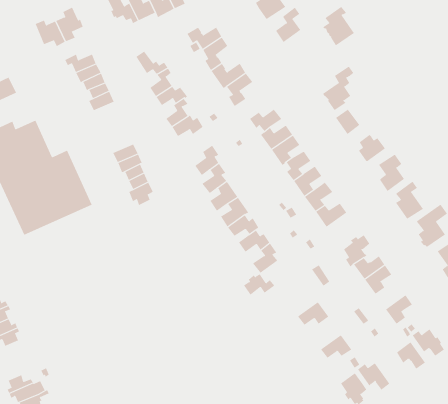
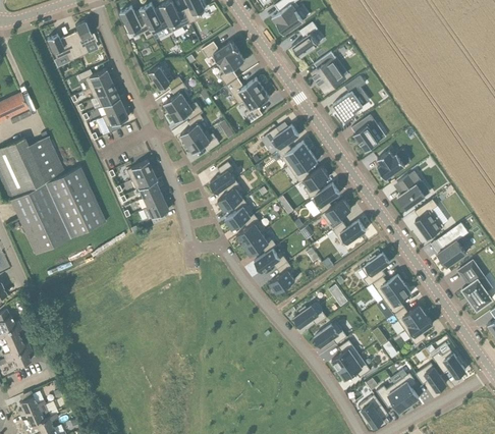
building: [323,6,354,46] -> [312,51,344,92]
building: [243,274,275,296] -> [294,305,327,327]
building: none -> [394,305,426,329]
building: none -> [331,339,360,370]
building: none -> [394,372,419,404]

